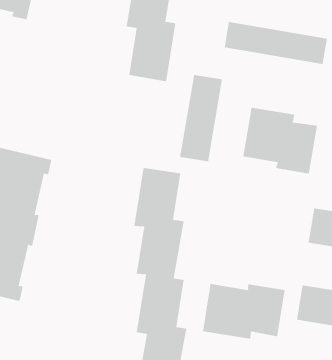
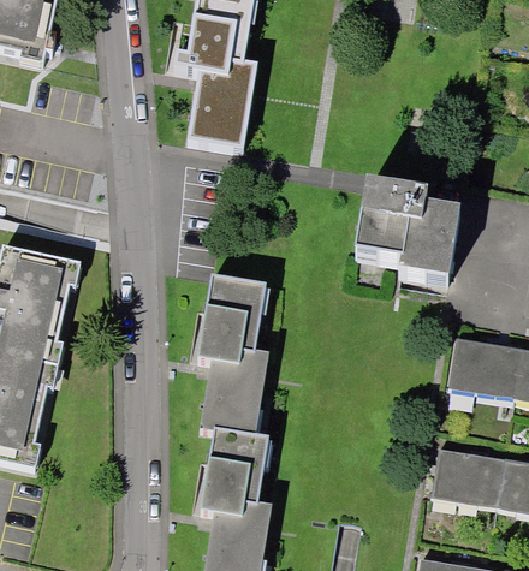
building: [224,21,327,65] -> none
building: [179,74,223,162] -> none
building: [202,283,285,340] -> none

